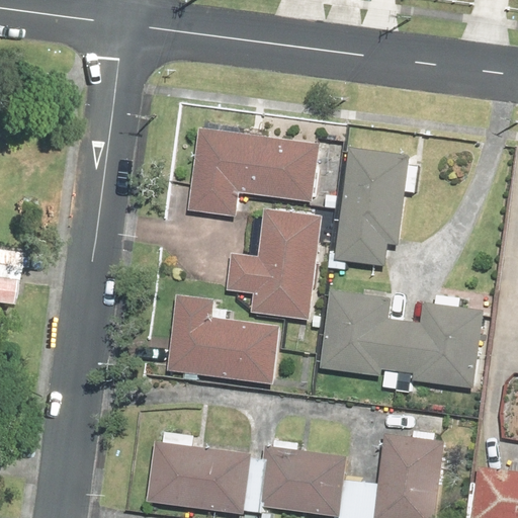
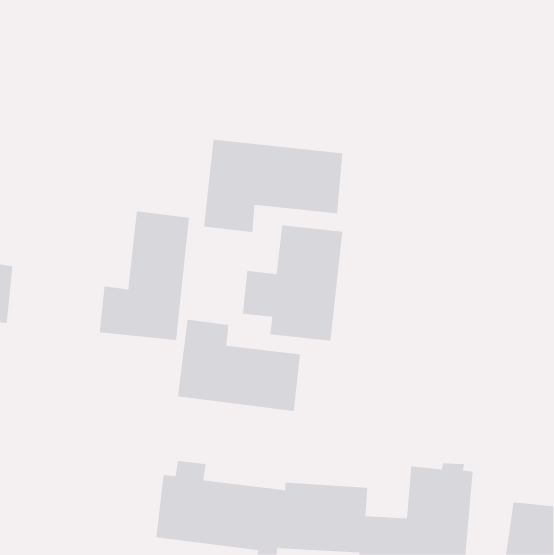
building: [331,148,410,268] -> none
building: none -> [99,211,190,341]
building: [318,290,483,394] -> none

